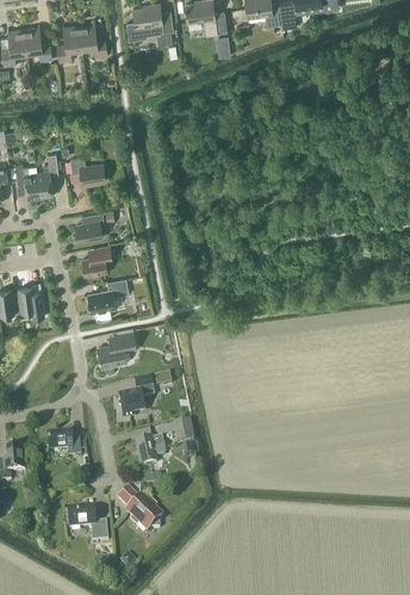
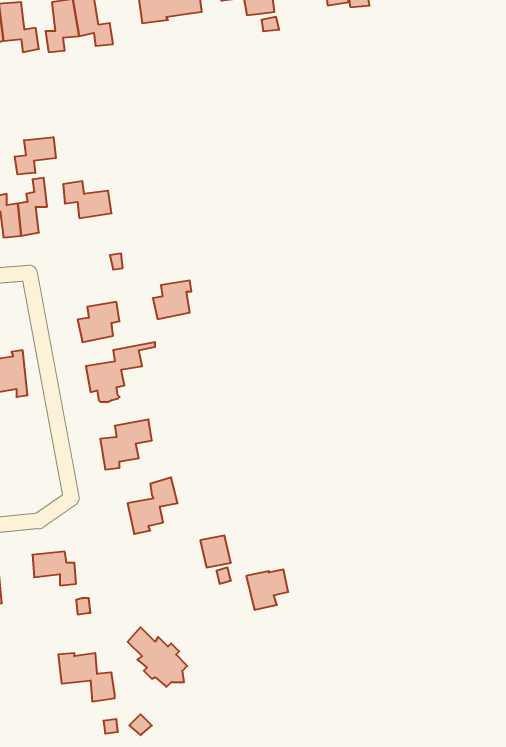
building: none -> [15,137,56,174]
building: [75,213,104,242] -> [153,280,191,319]
building: [135,436,166,466] -> [246,569,288,610]

